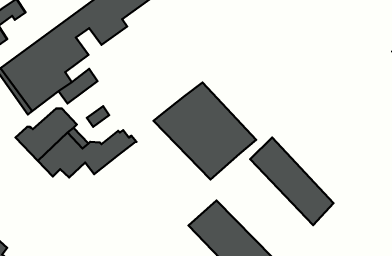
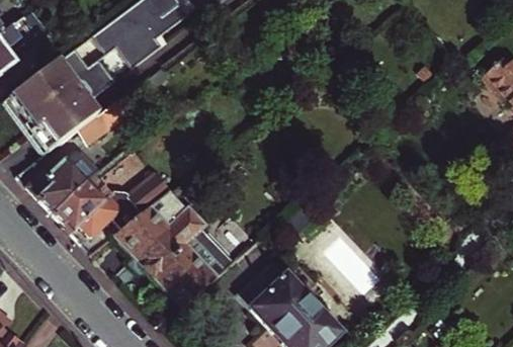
building: [154,83,256,179] -> [113,189,239,308]
building: [250,138,334,225] -> none

